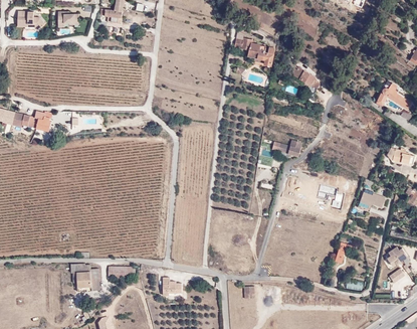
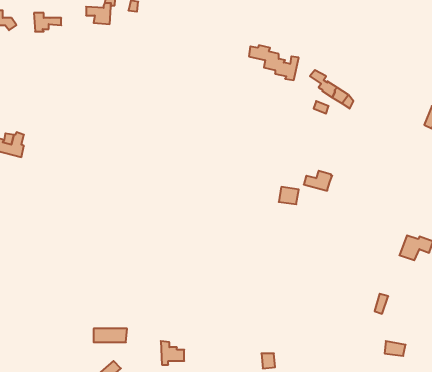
building: [71,265,100,291] -> none

